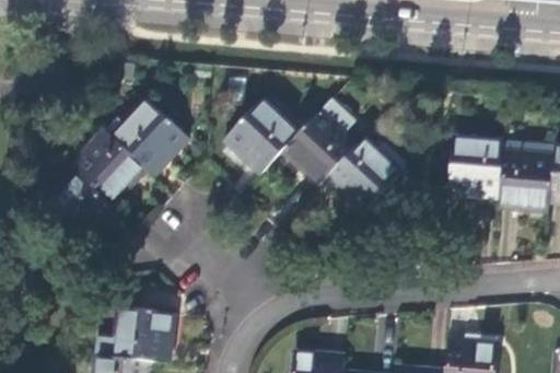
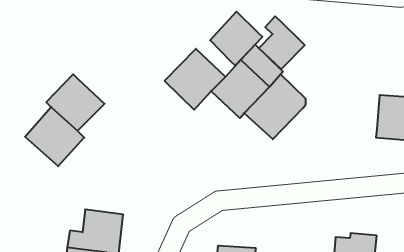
building: none -> [210,12,262,65]
building: none -> [259,16,305,69]
building: [112,98,187,173] -> none
building: [448,138,502,199] -> none

